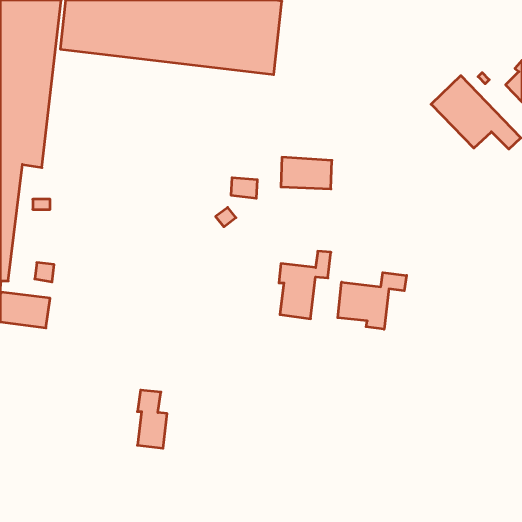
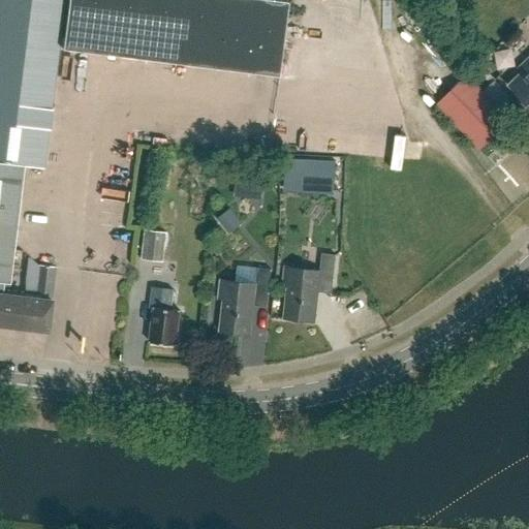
building: none -> [142,230,167,262]
building: none -> [218,268,270,336]
building: [338,273,407,329] -> none
building: [137,390,167,448] -> [149,286,179,345]

